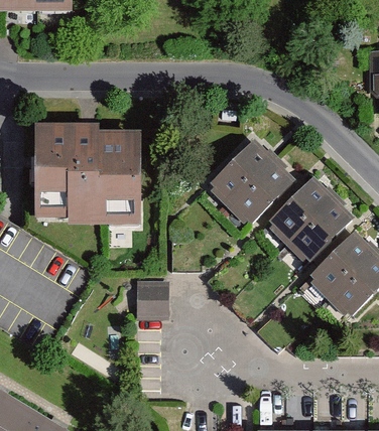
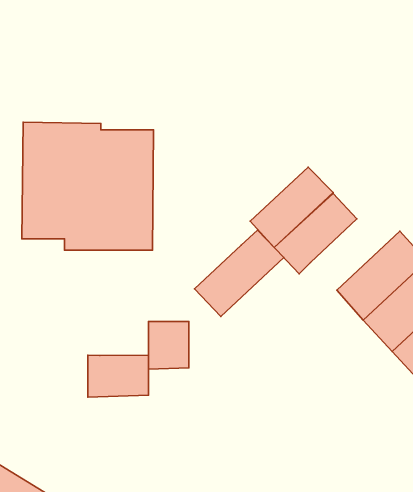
building: [263,180,335,250] -> [195,230,284,317]
building: none -> [88,355,149,397]

